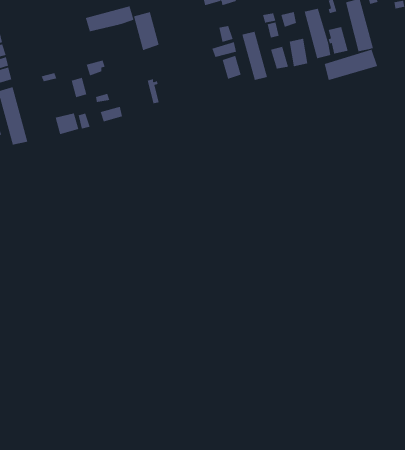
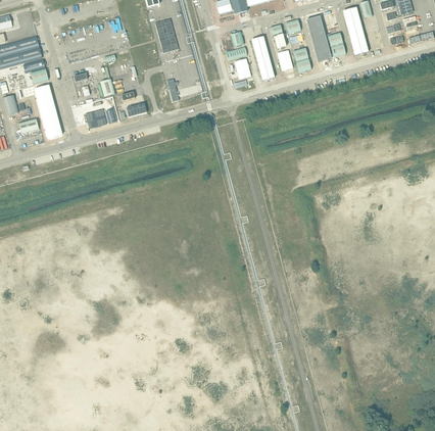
building: [85,6,134,32] -> none
building: [324,49,378,81] -> none

